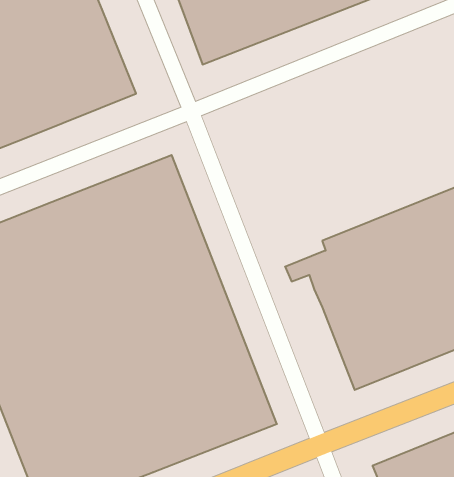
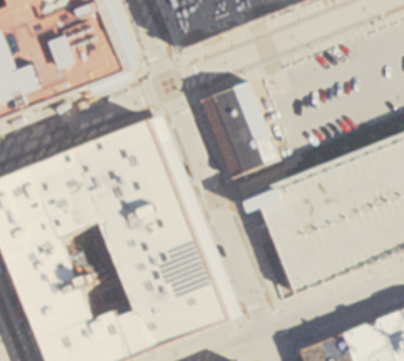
building: none -> [196,80,276,179]

